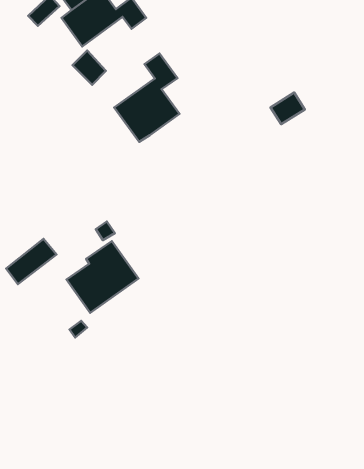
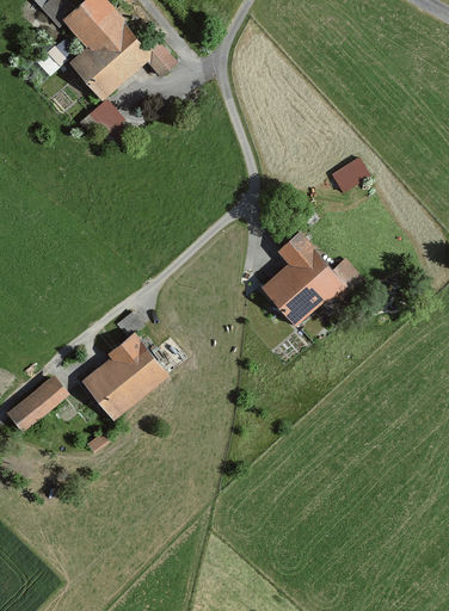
building: [114,53,179,142] -> none
building: none -> [263,233,362,327]
building: [6,239,56,284] -> [6,376,67,431]

